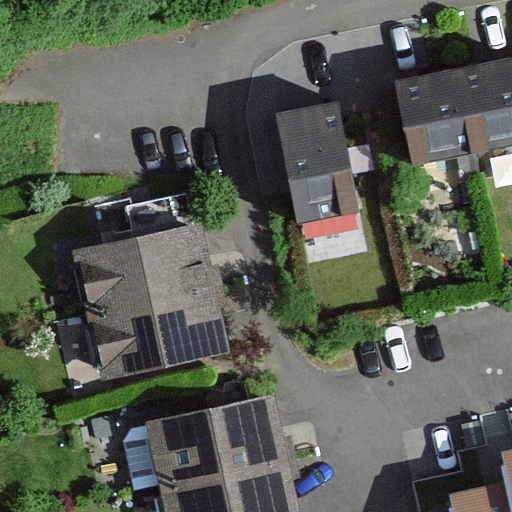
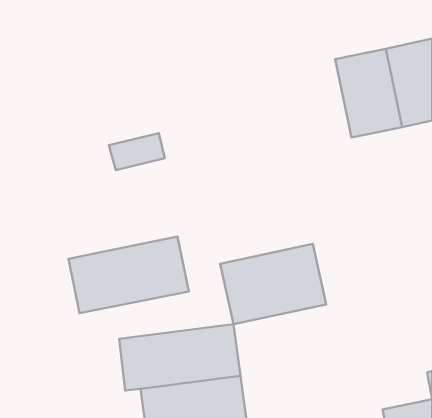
building: [259,105,362,238] -> none
building: [72,229,212,318] -> none
building: none -> [220,244,326,324]

